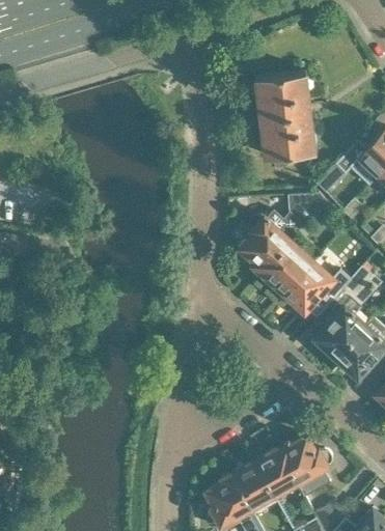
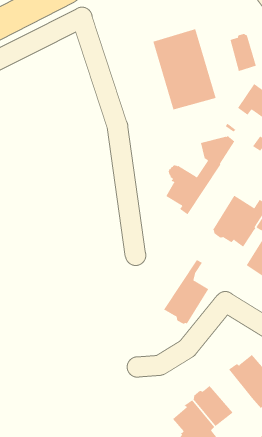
building: none -> [230,33,256,72]
building: [260,225,314,295] -> [163,259,209,324]
building: [253,450,296,498] -> none

